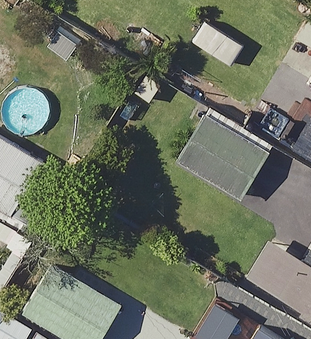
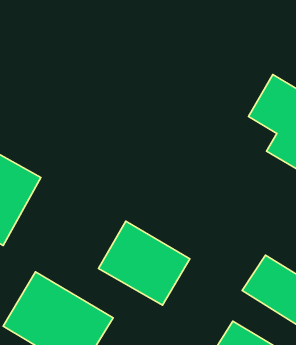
building: [182,120,269,200] -> [99,221,190,305]

